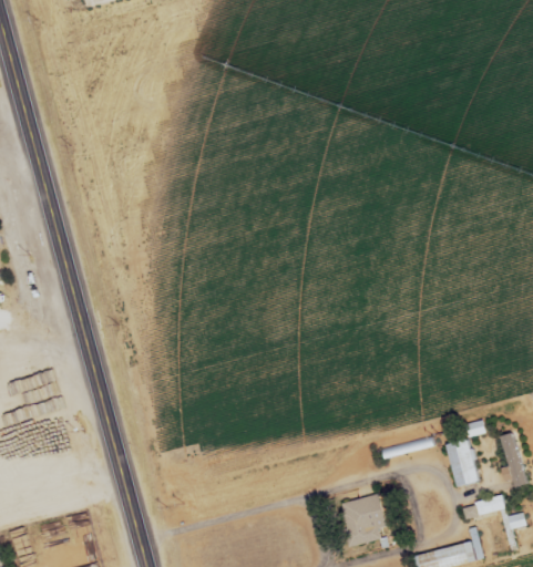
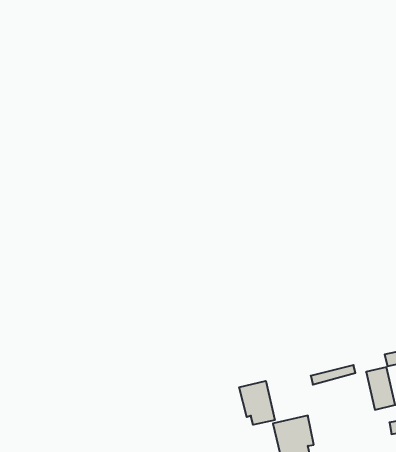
building: none -> [239,381,275,425]

